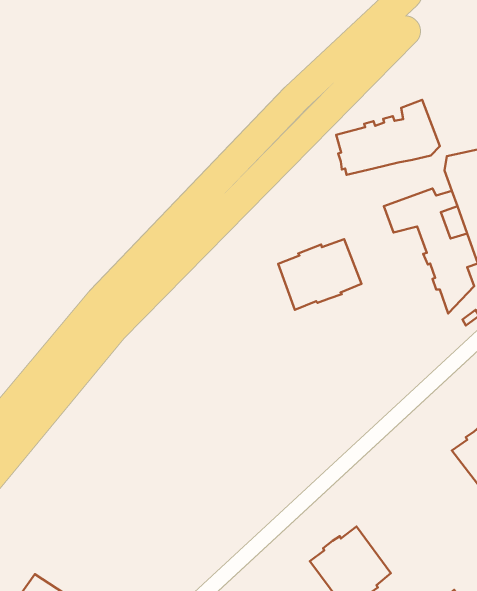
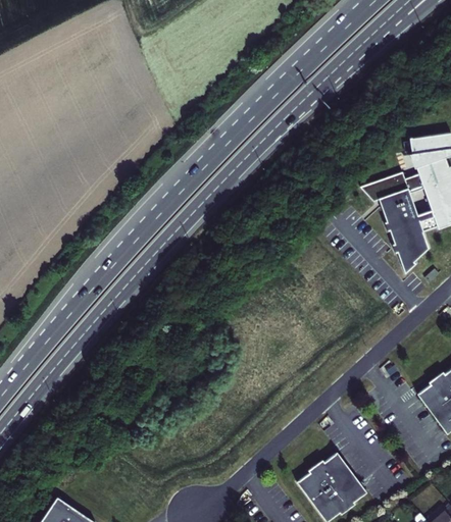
building: [336,100,440,175] -> none
building: [278,239,362,310] -> none

